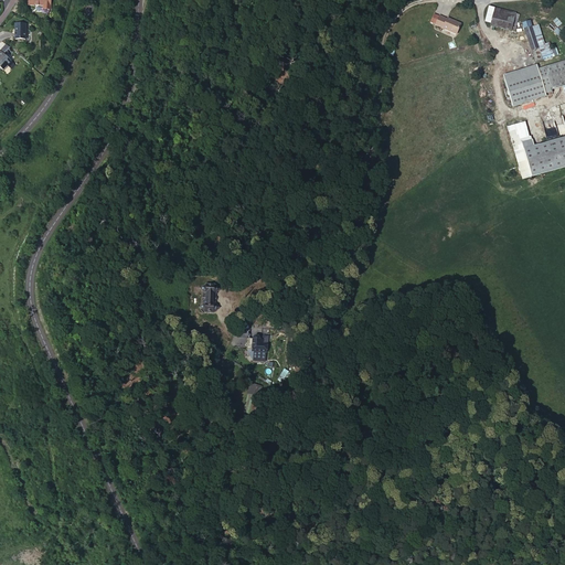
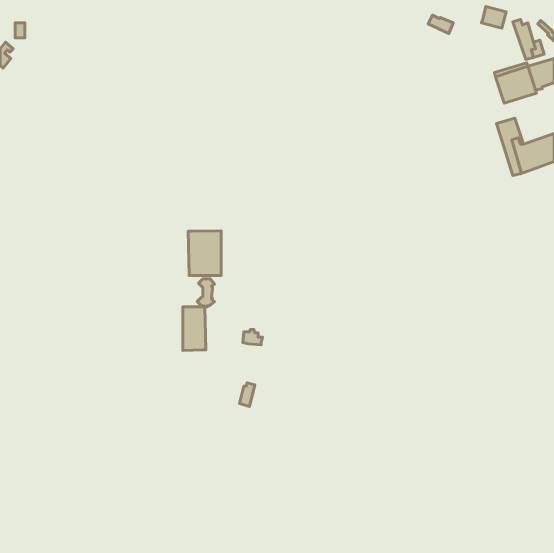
building: none -> [188,231,221,275]
building: none -> [183,307,206,350]

